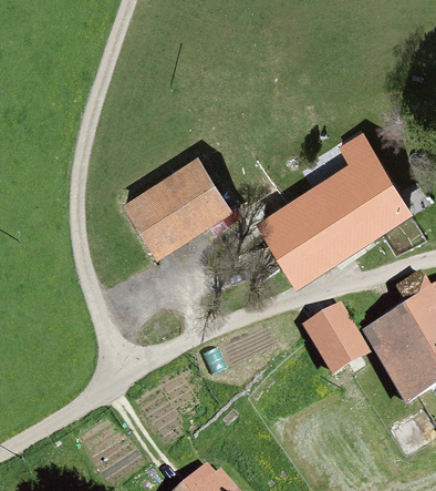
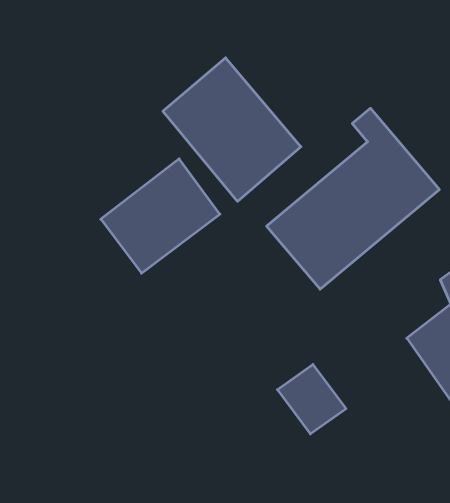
building: none -> [163,58,301,201]
building: [311,309,366,367] -> [277,364,346,434]

